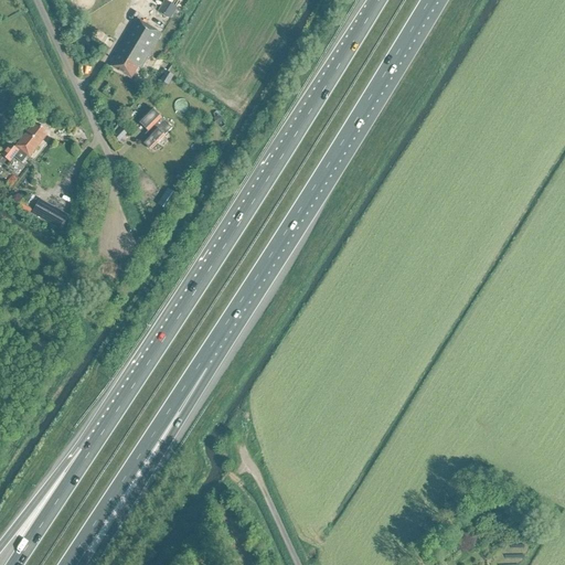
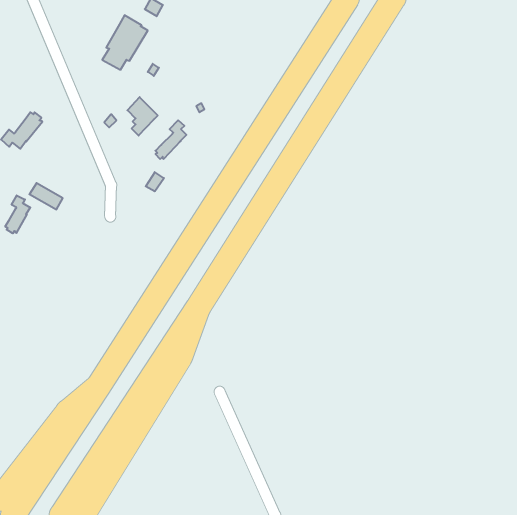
building: none -> [155,120,186,159]
building: none -> [5,195,30,233]

